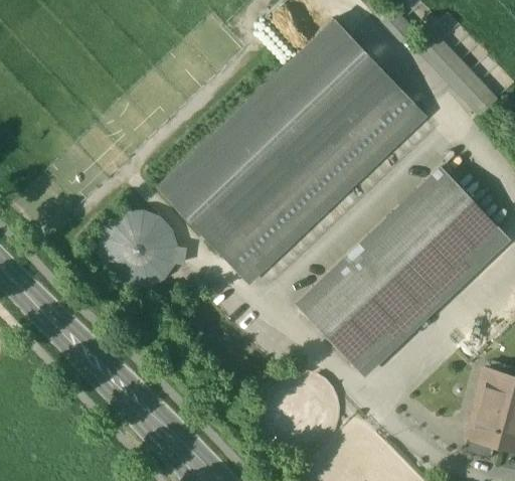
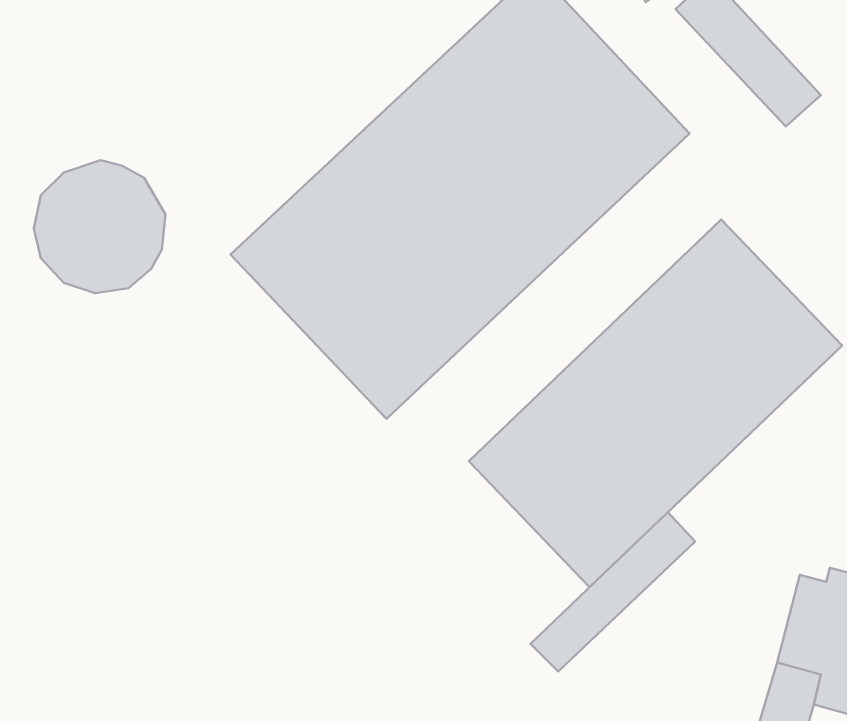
building: [101,212,176,289] -> [34,160,165,293]
building: none -> [530,512,695,671]

